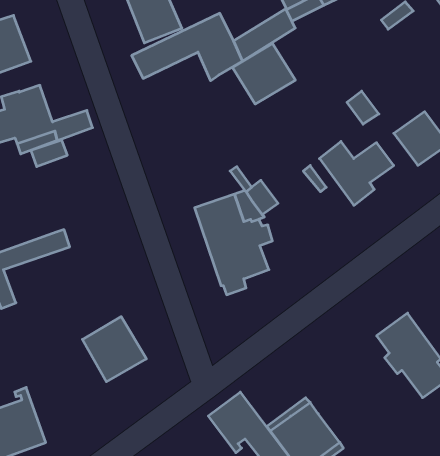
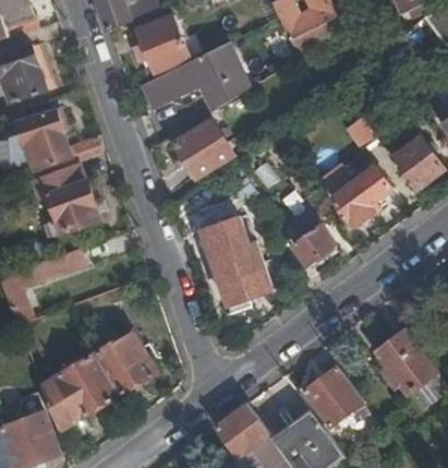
building: [232,43,295,104] -> [172,119,232,177]
building: none -> [45,180,97,236]
building: none -> [291,209,335,264]
building: none -> [39,353,117,430]
building: none -> [301,365,361,428]

